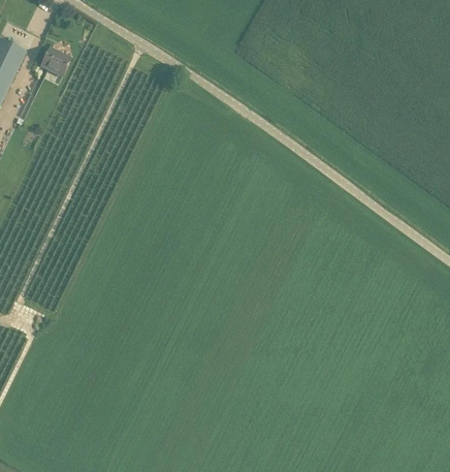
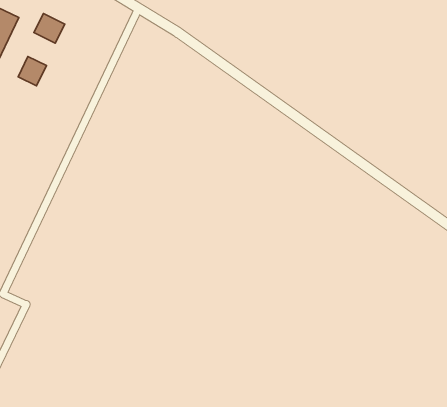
building: none -> [18,56,47,86]

